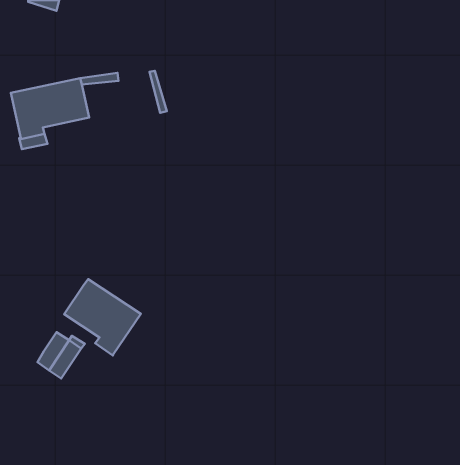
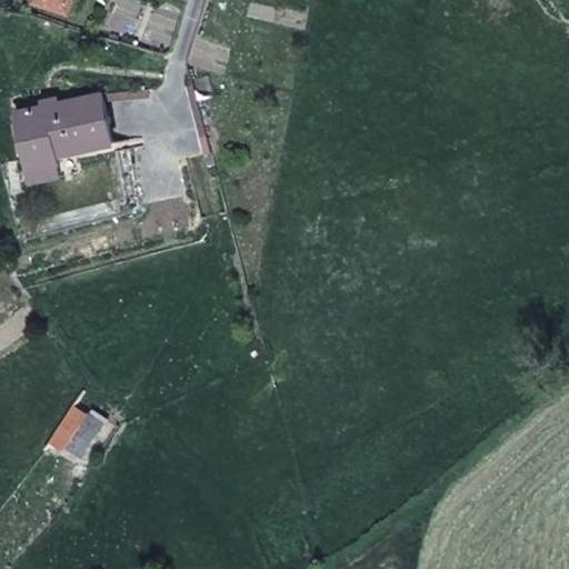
building: [64,279,141,355] -> none

